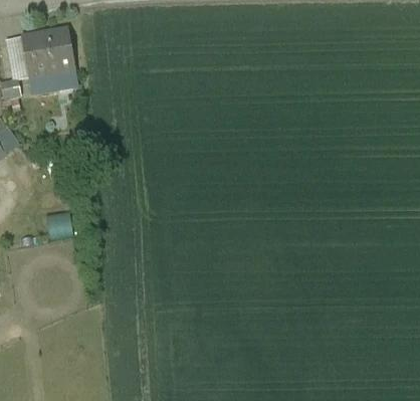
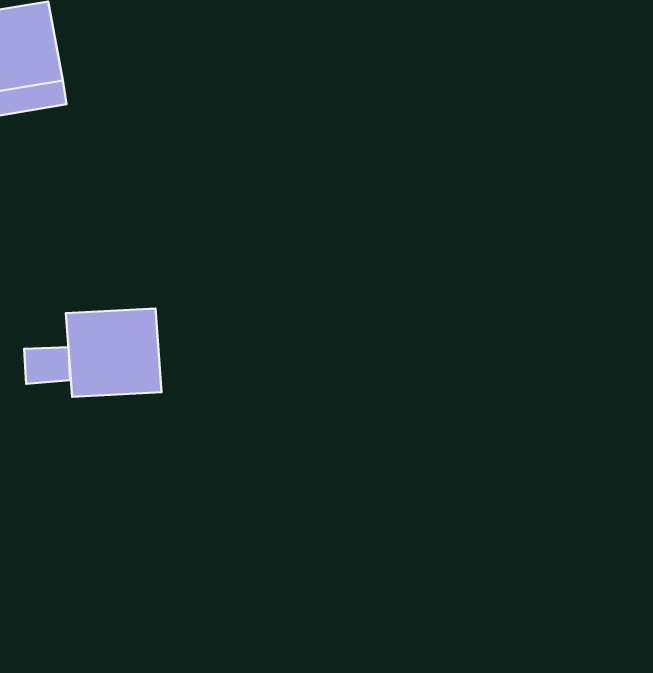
building: none -> [66,308,161,397]

